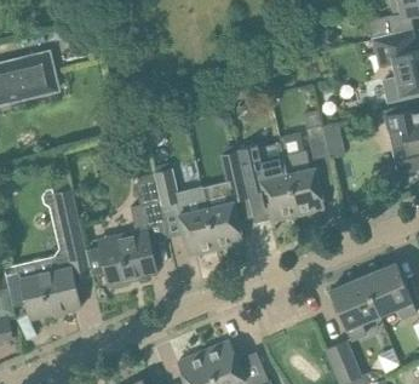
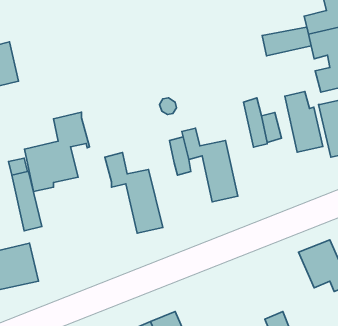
building: none -> [262,27,311,56]
building: [283,150,325,216] -> [285,92,323,152]
building: [200,185,242,250] -> none
building: [98,200,168,286] -> [24,112,89,192]
building: [329,276,379,340] -> none

